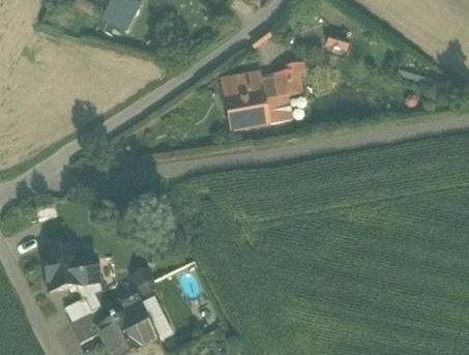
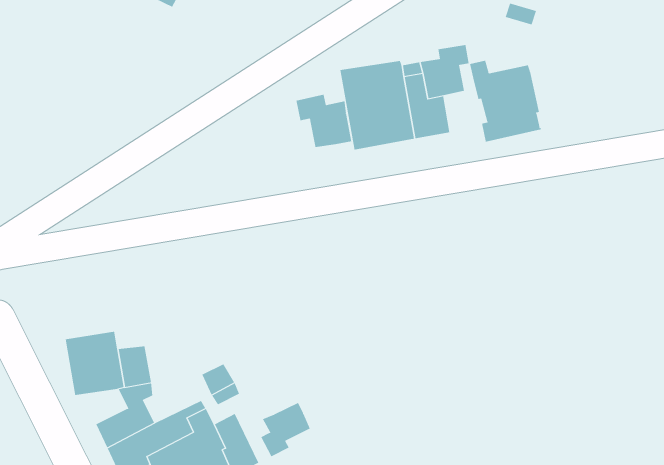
building: none -> [470,60,542,143]
building: none -> [296,94,352,148]
building: none -> [260,402,310,457]

